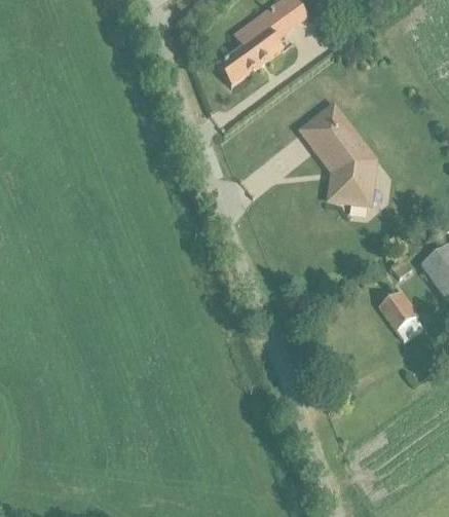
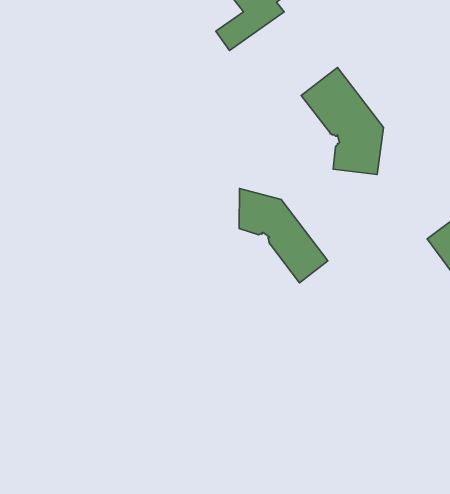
building: none -> [239,189,328,283]
building: [378,289,421,340] -> none

